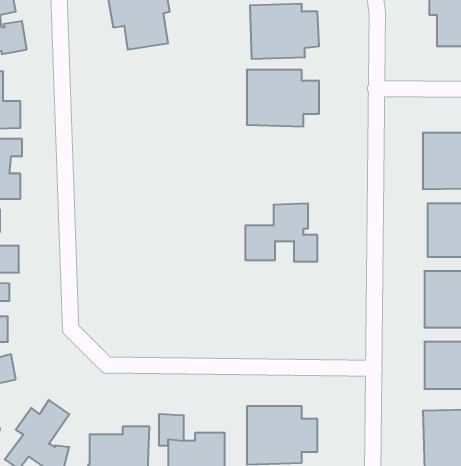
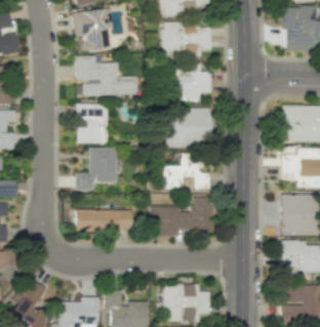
building: none -> [77,55,137,96]
building: none -> [75,104,108,144]
building: none -> [166,108,212,149]
building: none -> [76,149,117,191]
building: none -> [151,197,217,235]
building: none -> [77,210,132,232]

